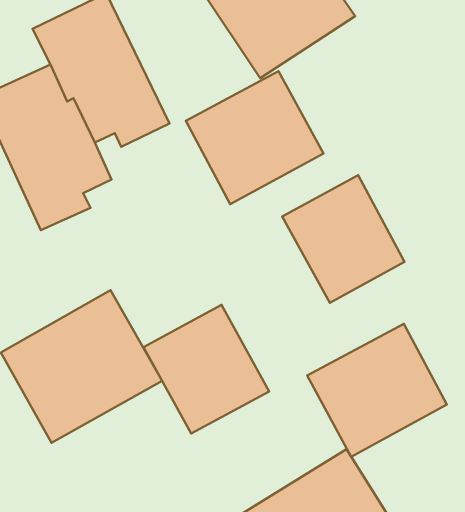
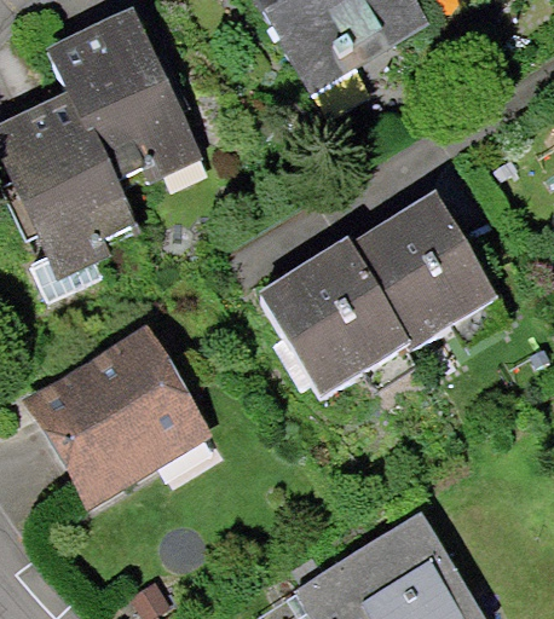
building: [186,71,324,204] -> none
building: [144,305,269,434] -> [254,251,398,399]
building: [307,324,447,457] -> none

